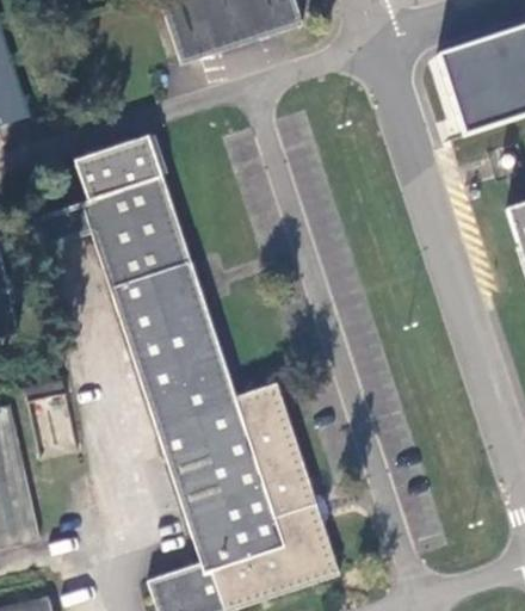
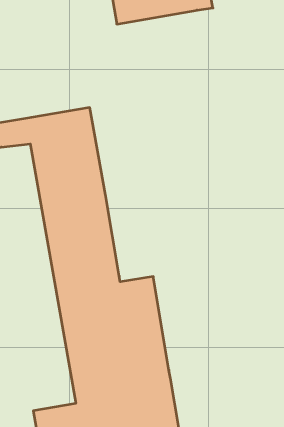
building: [76,136,163,200] -> none

